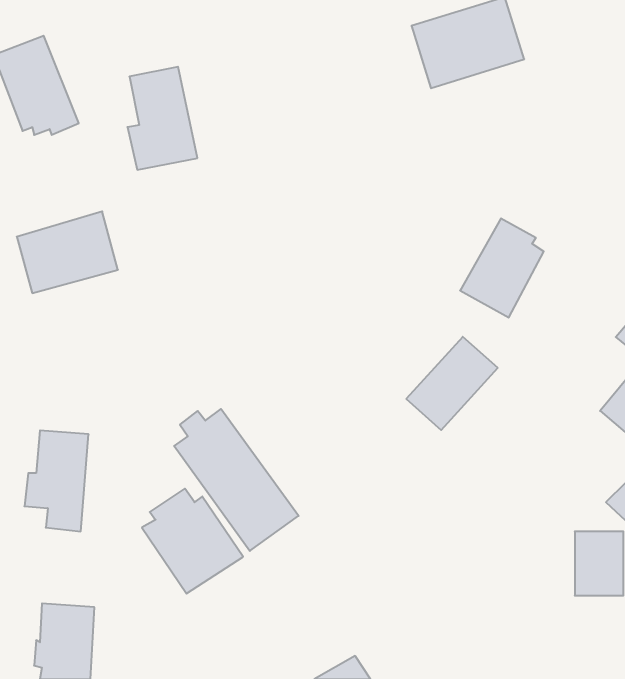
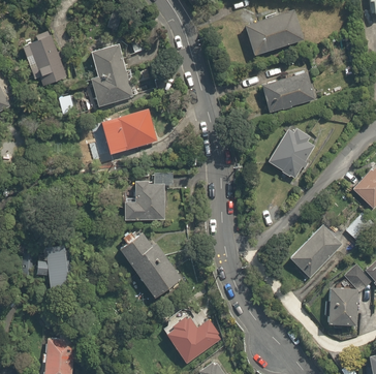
building: none -> [262,75,313,113]
building: [17,211,118,293] -> [101,108,155,152]
building: none -> [125,180,163,218]
building: [406,337,498,430] -> [291,227,340,277]
building: [142,489,243,594] -> [161,307,215,363]

